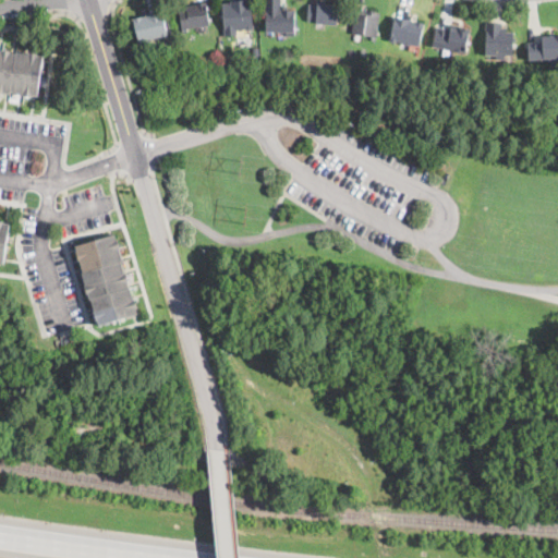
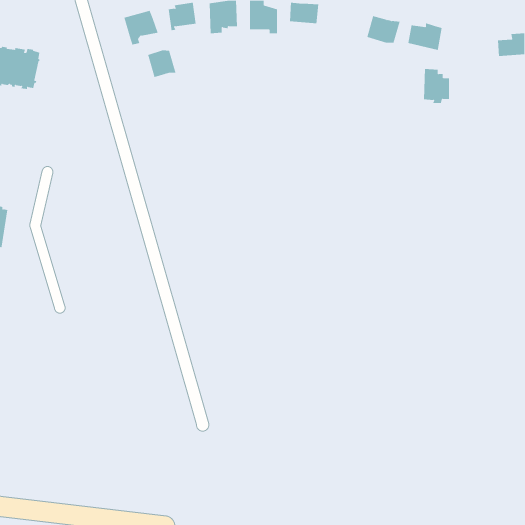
building: [351,10,379,43] -> none
building: [484,23,512,60] -> [423,68,450,103]
building: none -> [147,50,176,78]
building: [74,233,137,326] -> none

